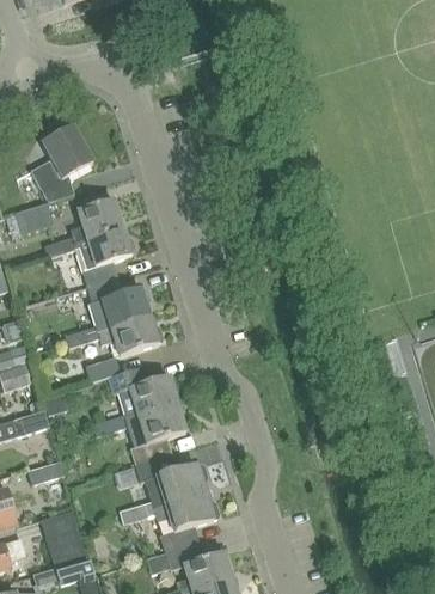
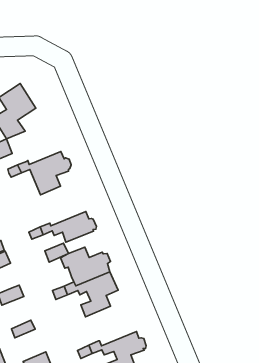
building: [69,198,122,240] -> none
building: [87,275,151,330] -> none
building: [135,452,207,507] -> none

